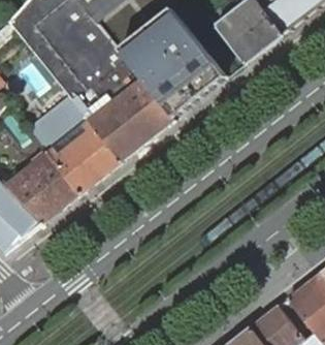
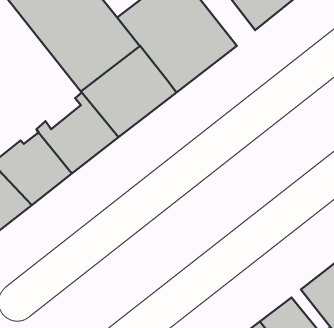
building: [26,94,88,153] -> none

